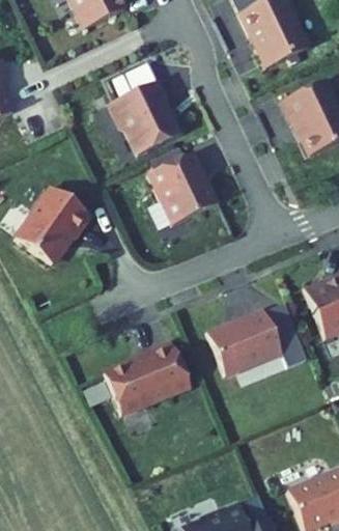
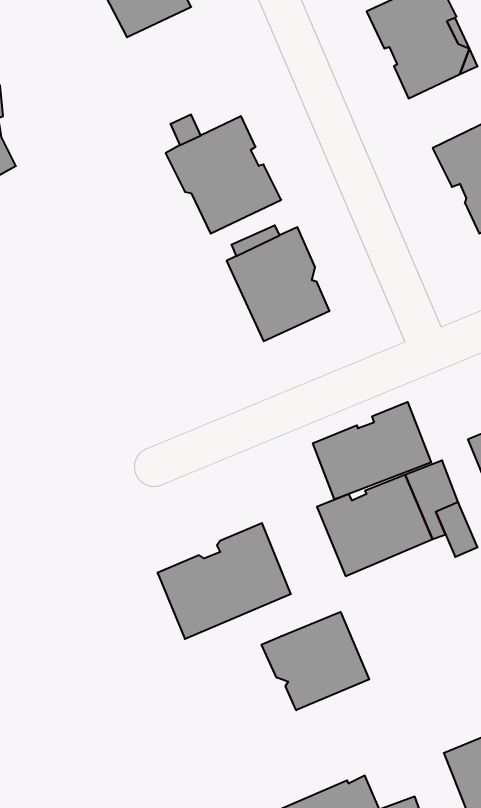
building: [16,186,92,262] -> none
building: none -> [313,402,431,500]
building: none -> [262,612,369,710]

